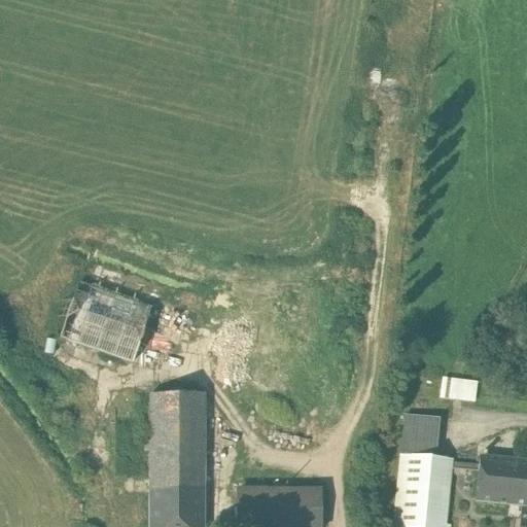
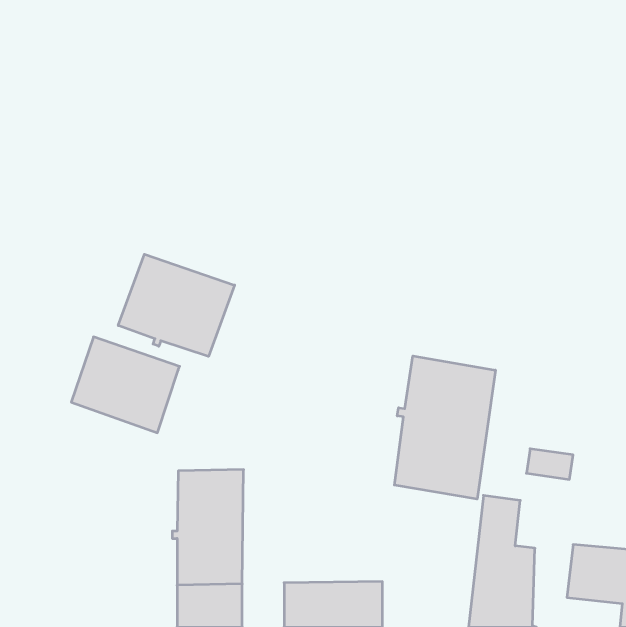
building: none -> [118,254,235,356]
building: none -> [394,356,495,499]

